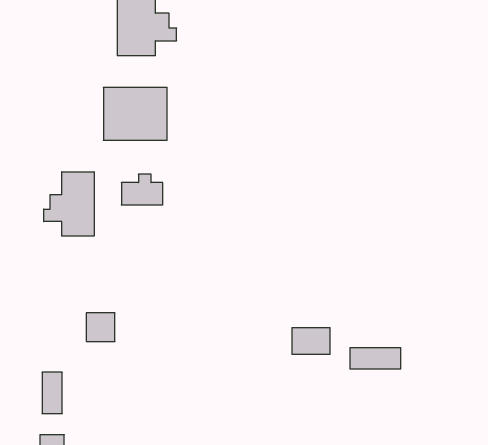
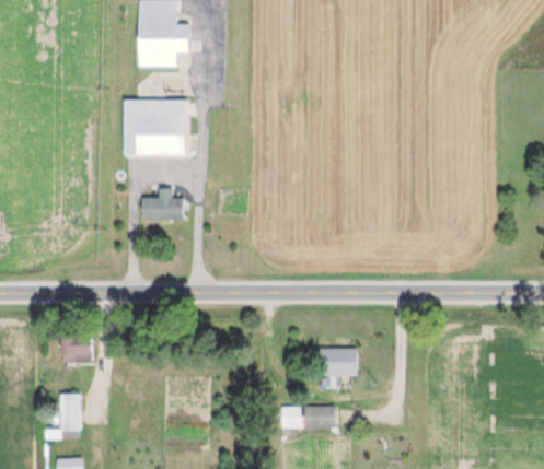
building: [44,172,94,236] -> none
building: [86,313,115,341] -> [63,333,93,363]
building: [350,348,401,369] -> [282,406,335,427]

